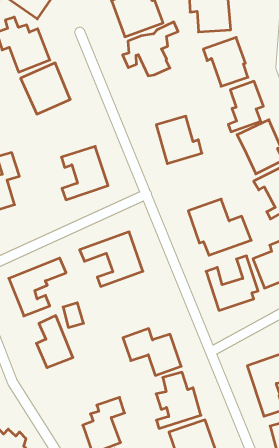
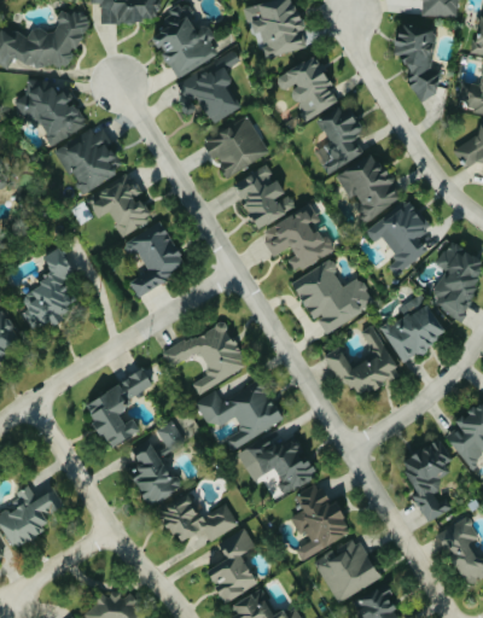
building: none -> [204,116,270,179]
building: none -> [89,176,152,237]
building: none -> [261,205,337,272]
building: none -> [196,380,283,451]
building: none -> [162,495,239,543]

